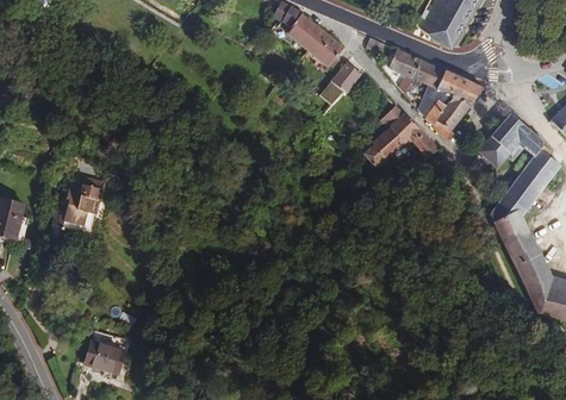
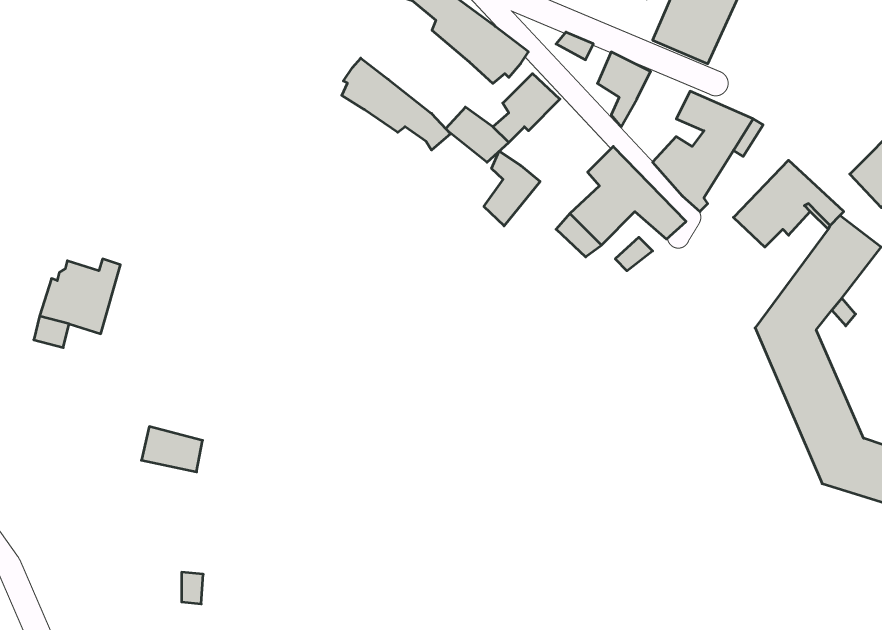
building: none -> [342,58,450,150]
building: [413,60,446,88] -> none
building: none -> [484,151,540,226]
building: [85,335,122,362] -> [141,427,203,472]

